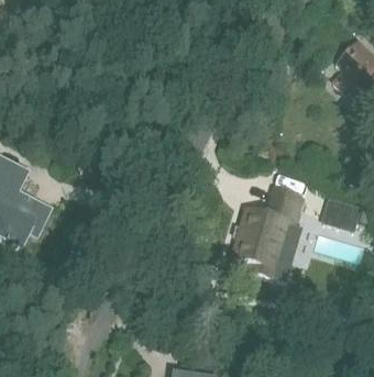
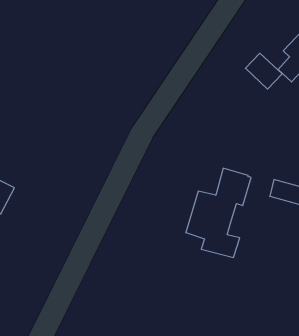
building: none -> [245,53,282,89]

